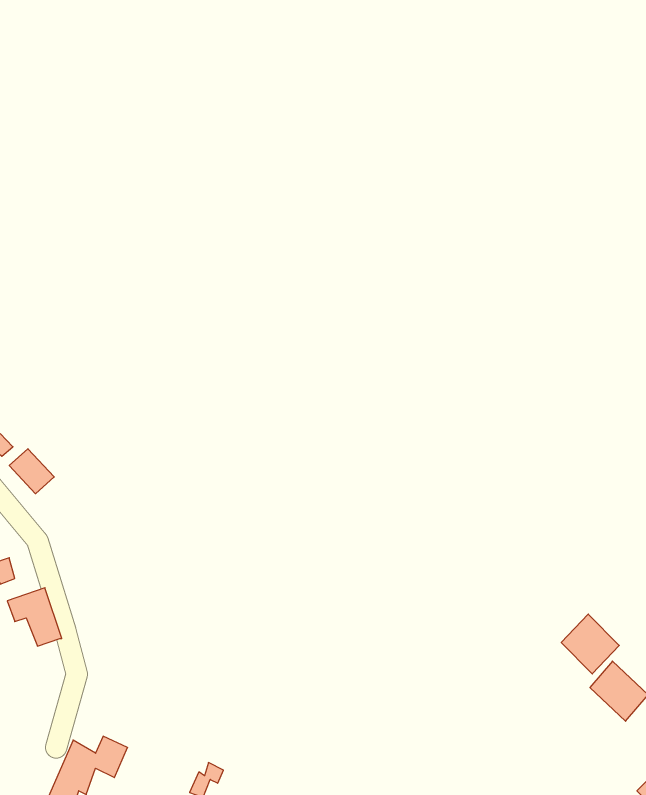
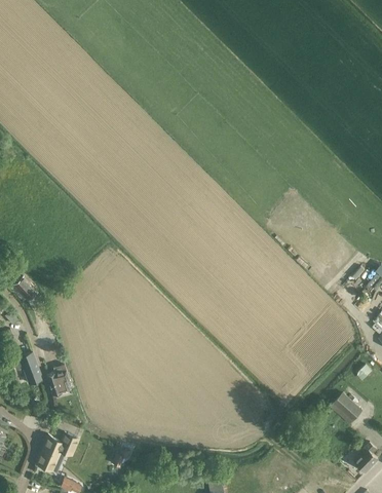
building: none -> [45,365,69,396]
building: [561,614,619,674] -> none

